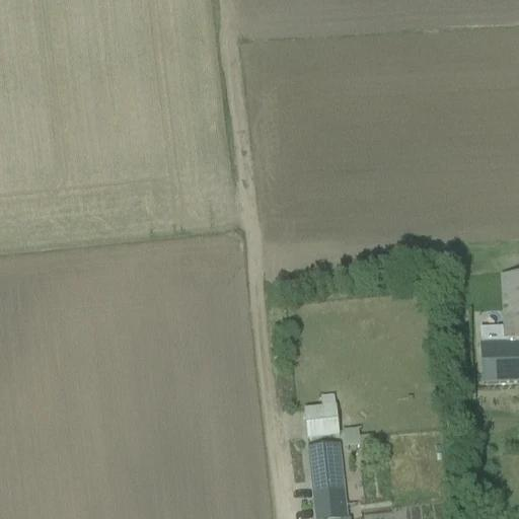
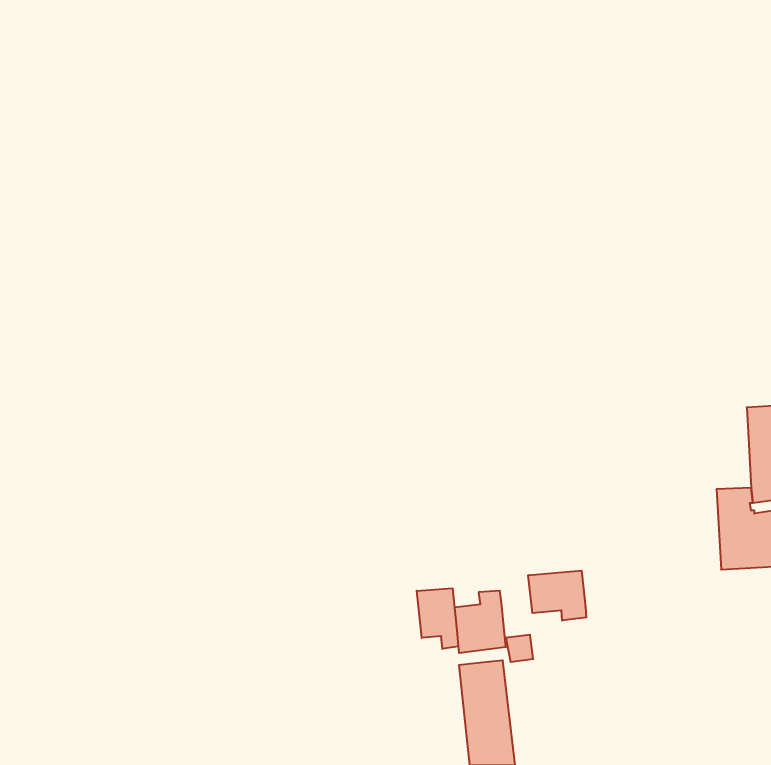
building: none -> [528,571,586,621]
building: none -> [417,588,458,649]

